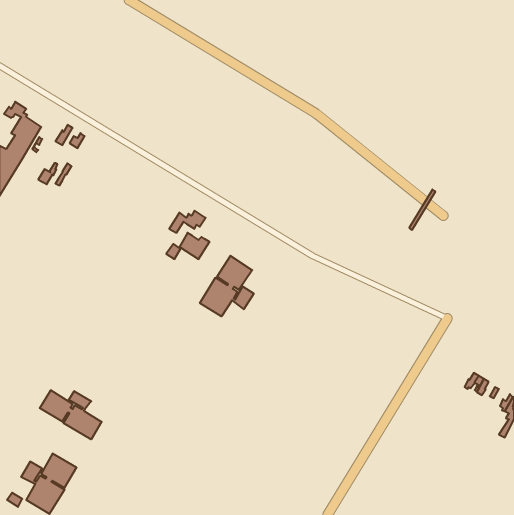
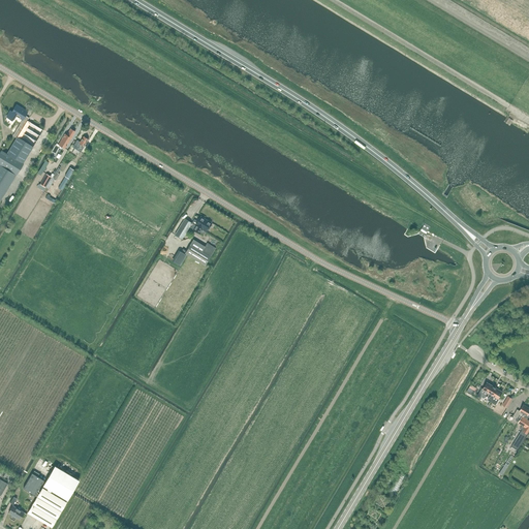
building: [200,256,254,316] -> none
building: [40,390,102,439] -> none

